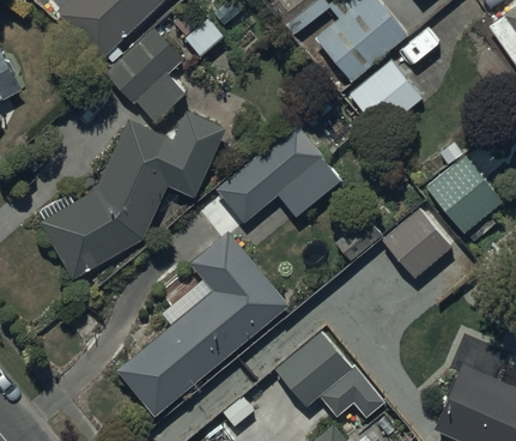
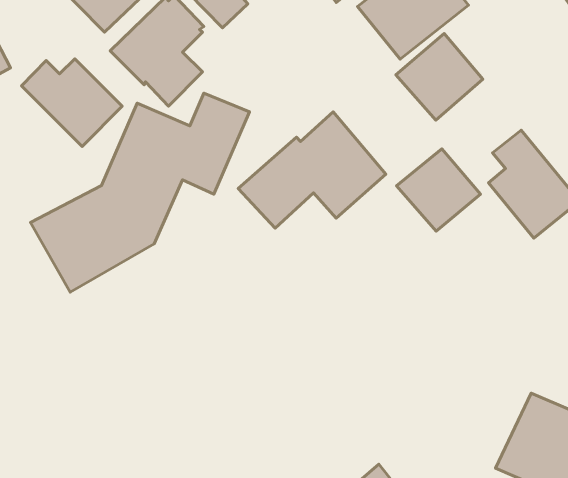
building: none -> [22,59,122,146]
building: [381,210,451,279] -> [396,149,480,231]
building: [117,231,289,413] -> none
building: [275,332,381,418] -> none

